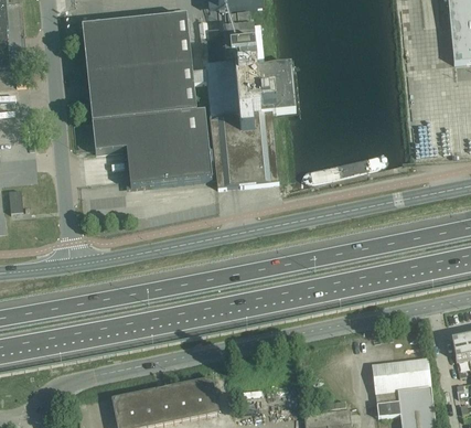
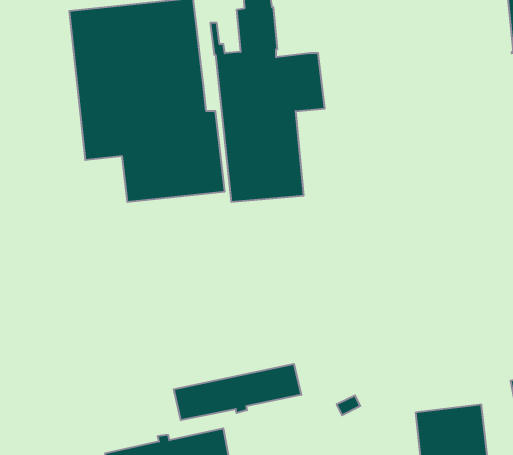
building: none -> [174,364,301,420]

